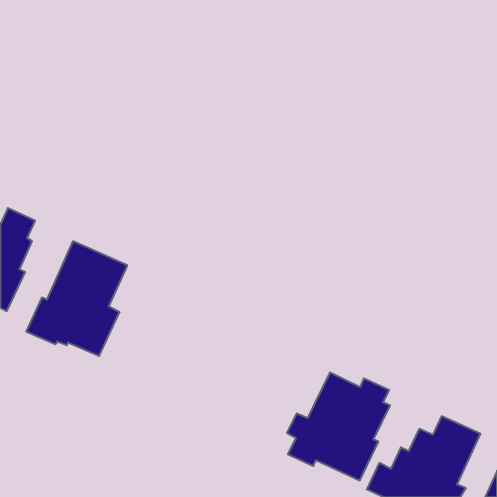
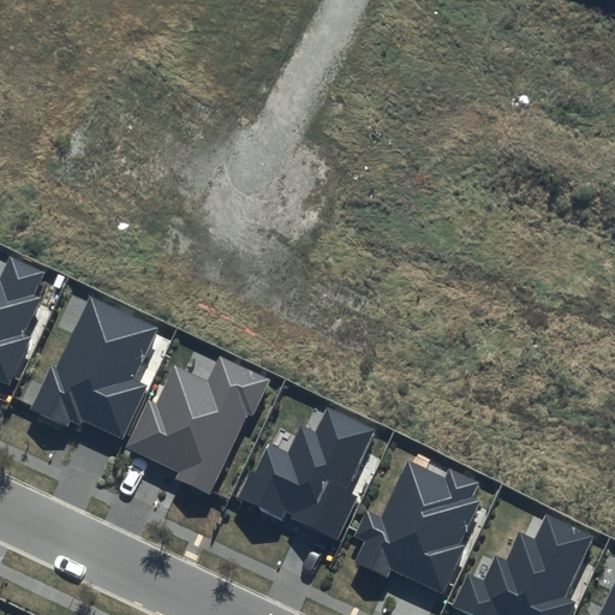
building: none -> [124,354,271,494]
building: none -> [237,407,375,541]

